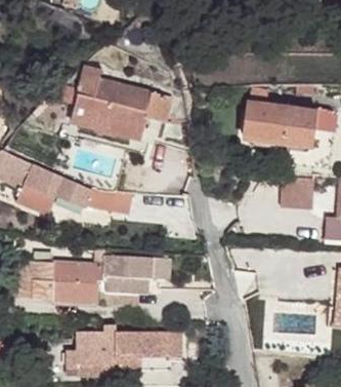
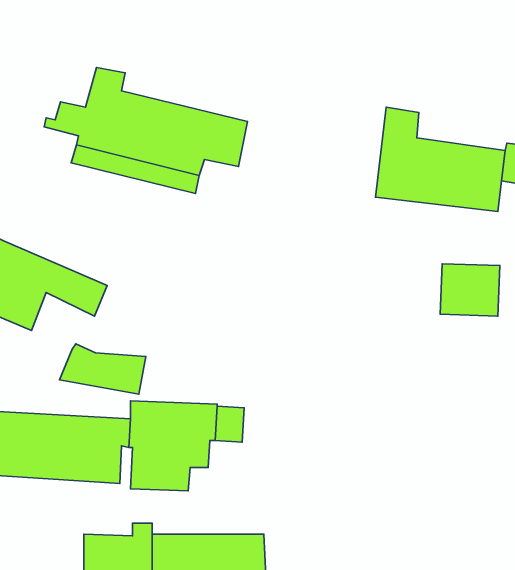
building: [84,187,133,216] -> [59,344,146,394]

